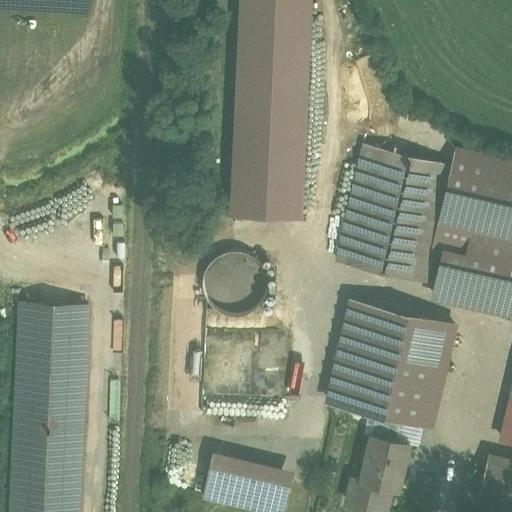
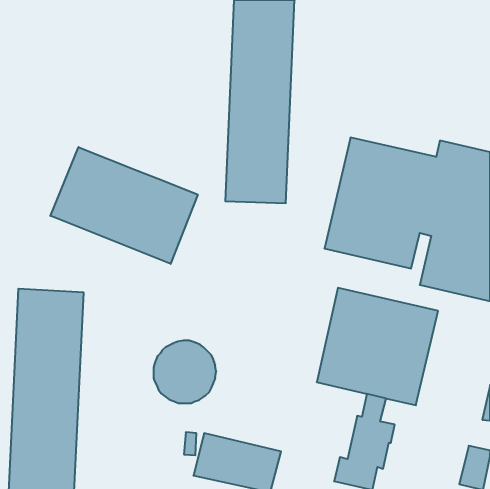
building: none -> [50,147,198,264]
building: [202,253,267,318] -> [154,341,216,403]

